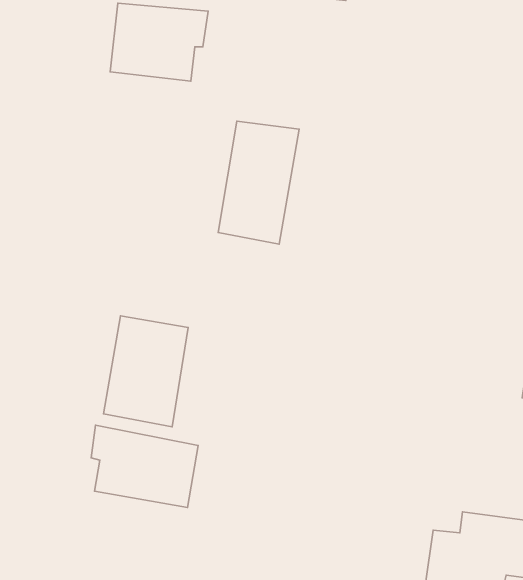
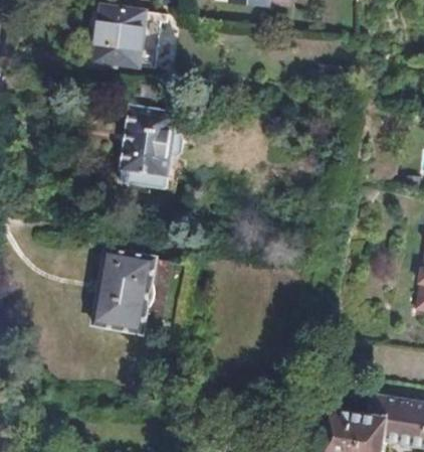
building: [218,121,299,244] -> [121,85,182,178]
building: [91,425,198,507] -> none

